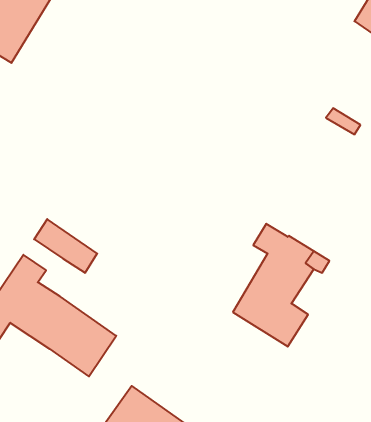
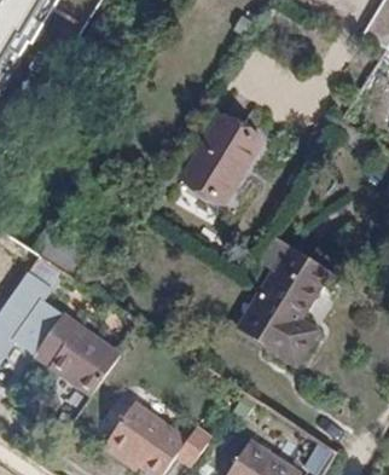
building: none -> [180,115,261,203]

